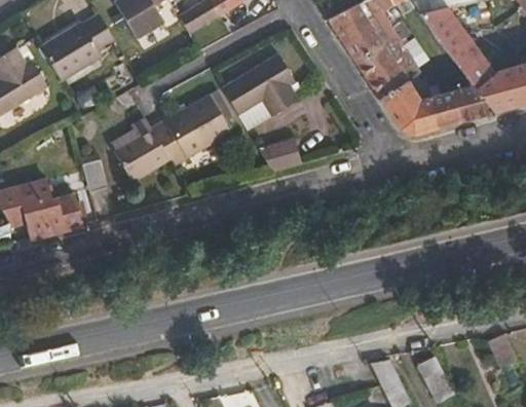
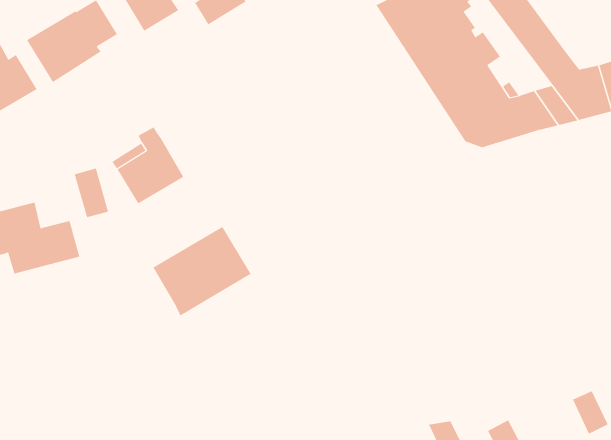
building: [221,53,300,131] -> none
building: [151,94,232,168] -> [153,226,252,316]
building: [258,139,302,173] -> none

